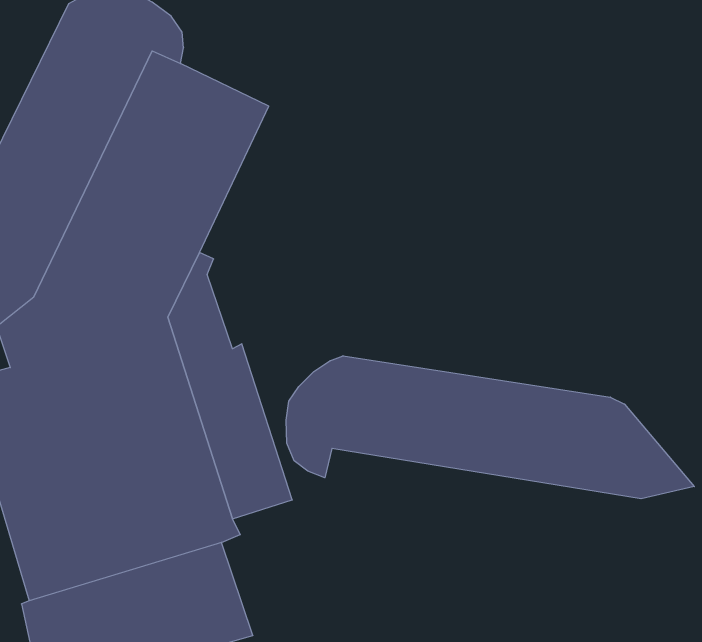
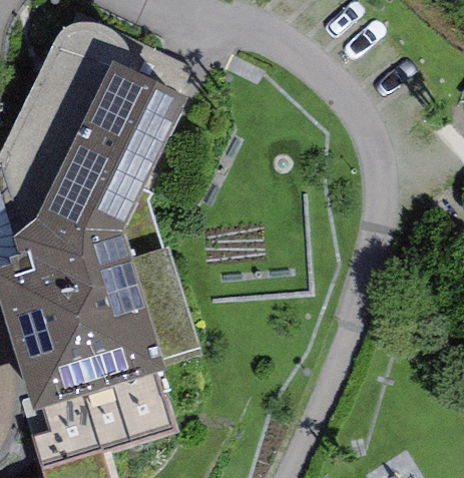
building: [286,356,694,499] -> none

